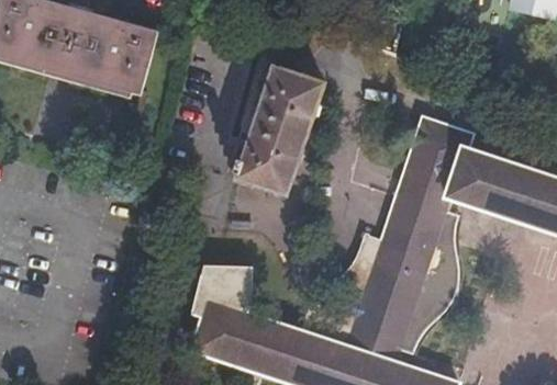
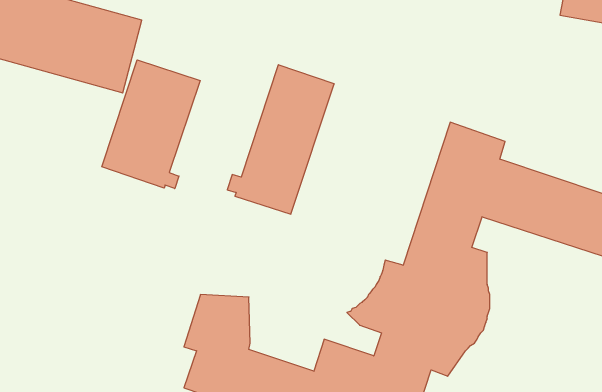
building: none -> [102,60,200,189]

